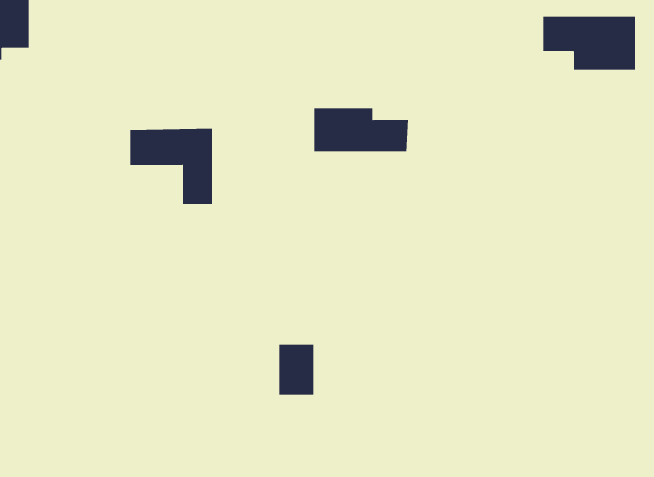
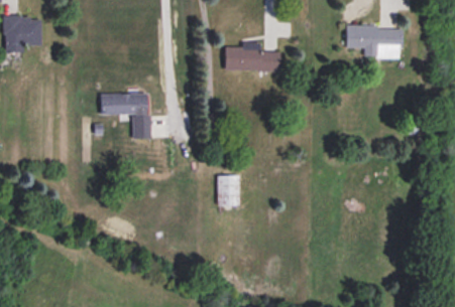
building: [314,108,409,152] -> [225,44,281,70]
building: [279,344,314,395] -> [218,175,239,205]

